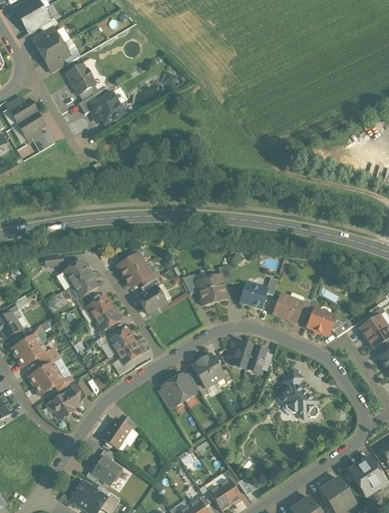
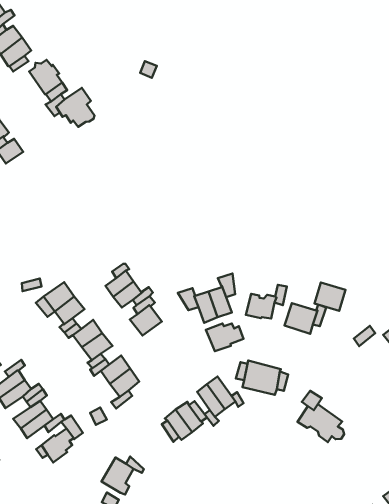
building: none -> [206,323,243,351]
building: [307,308,335,334] -> [315,283,345,311]

